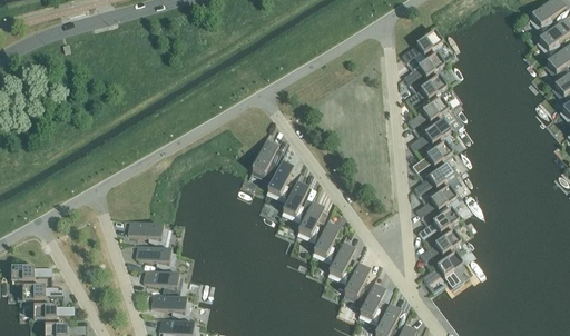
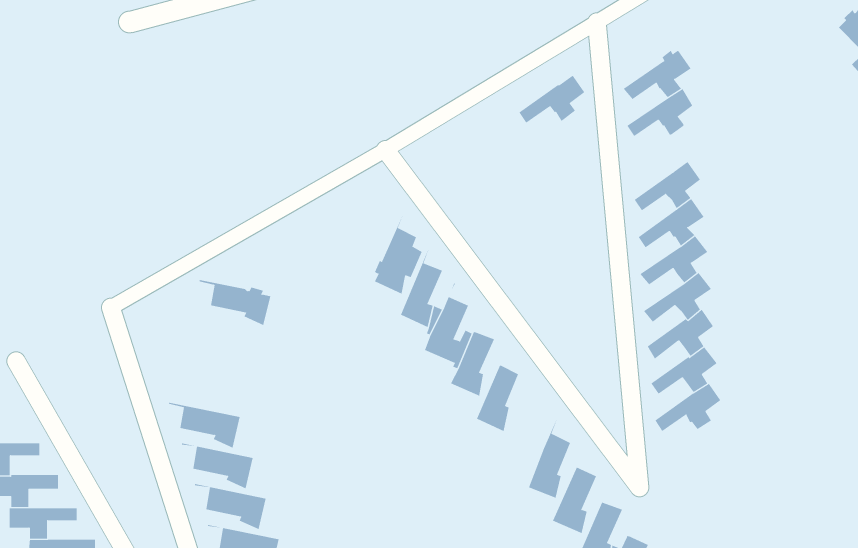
building: [406,76,446,106] -> [518,74,585,124]
building: [121,218,165,246] -> [199,279,271,326]
building: [330,233,355,280] -> none
building: [423,253,463,287] -> none

